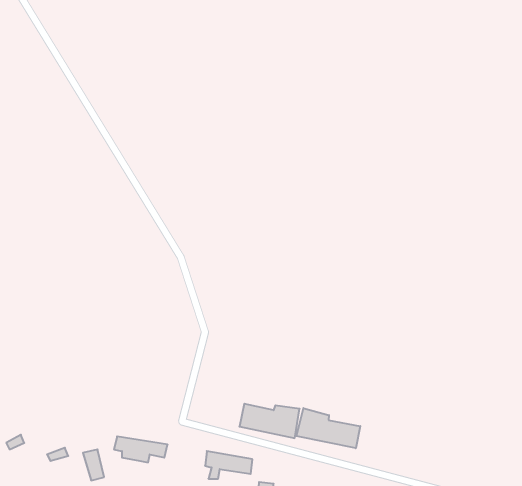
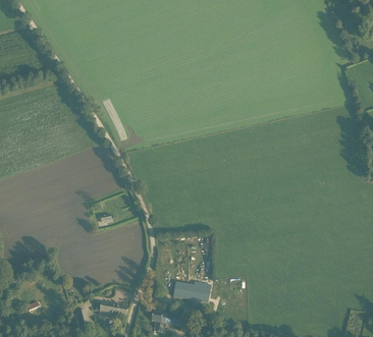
building: [296,408,360,448] -> none

